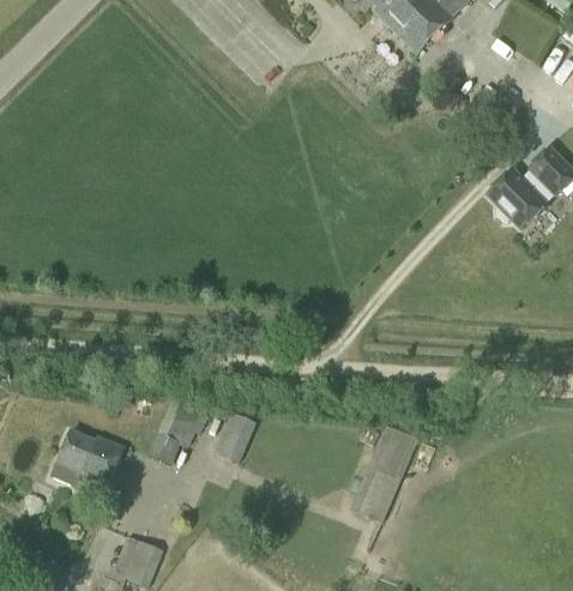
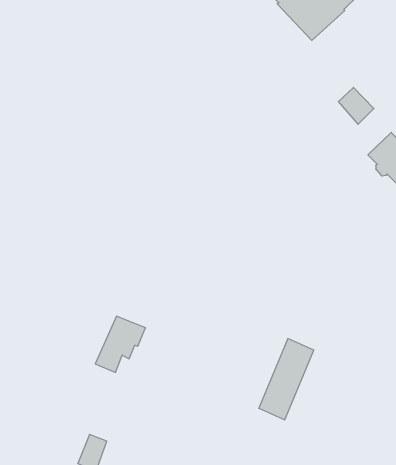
building: none -> [338,87,374,124]
building: [215,414,254,462] -> none
building: [49,429,123,489] -> none

